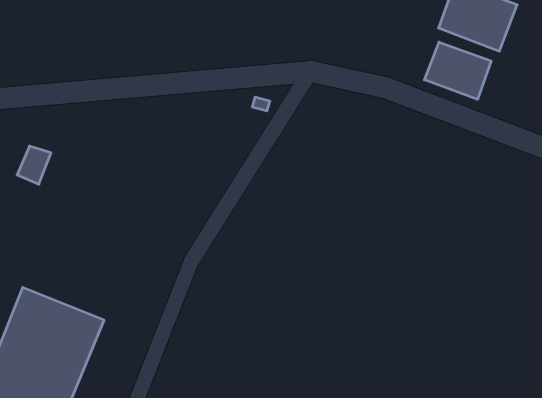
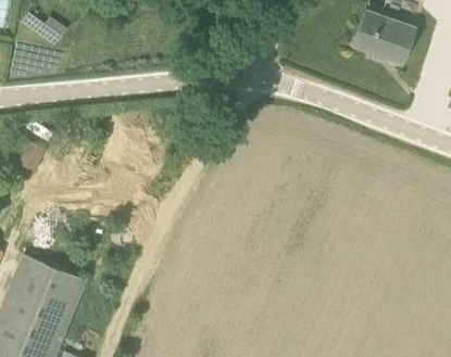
building: [424,42,491,99] -> none

